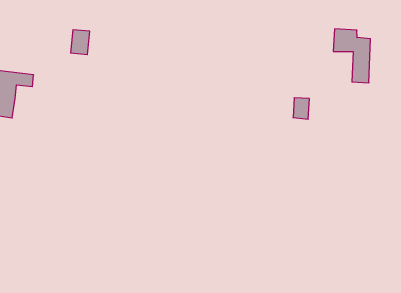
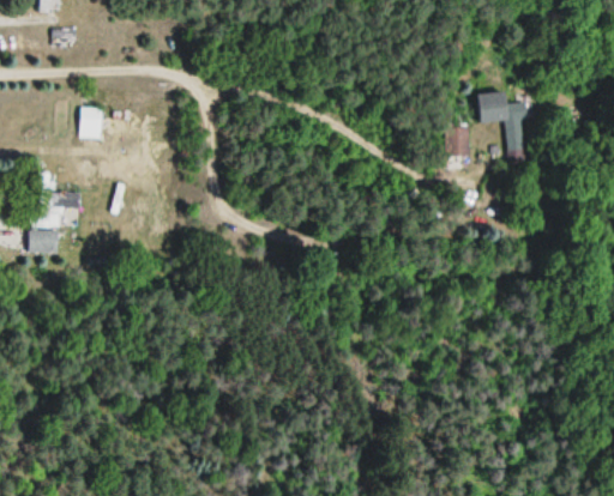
building: [71,30,90,55] -> [79,108,102,139]
building: [293,98,309,119] -> [446,127,468,155]

